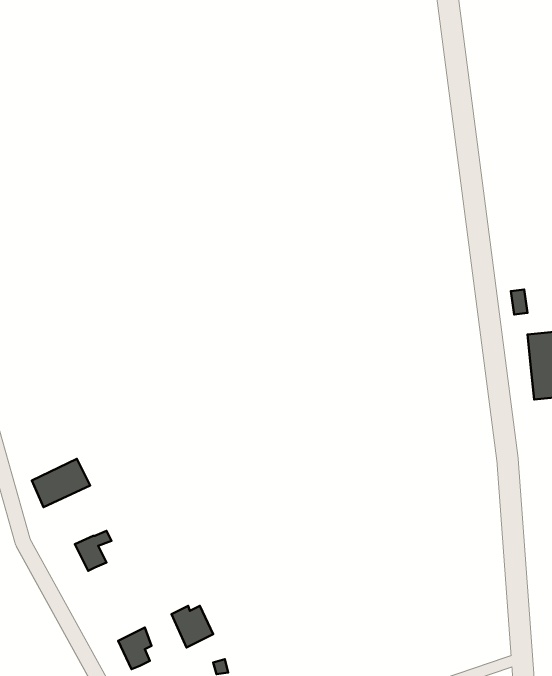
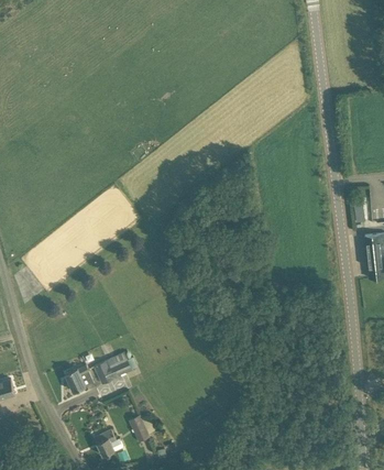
building: [32,459,90,507] -> [94,350,132,382]

